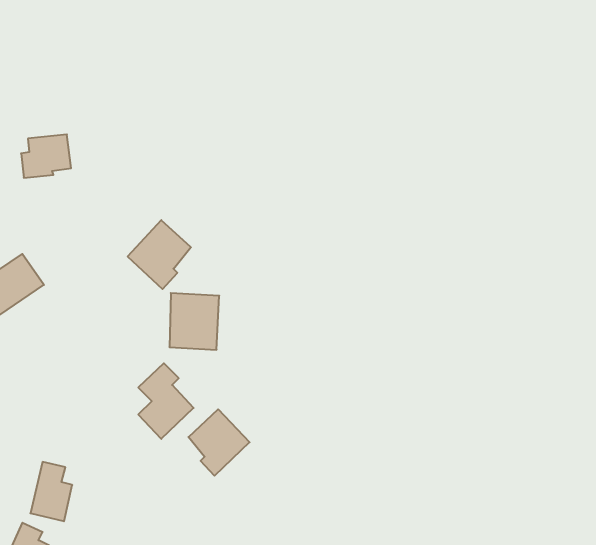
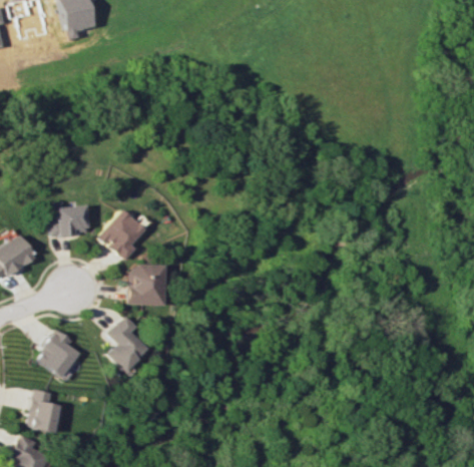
building: [21,134,71,178] -> [52,204,89,237]
building: none -> [37,330,79,377]
building: [188,409,250,476] -> none

